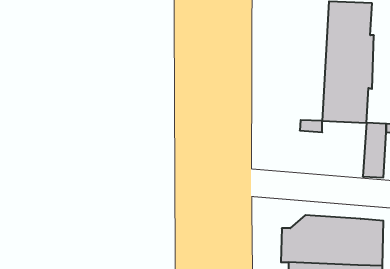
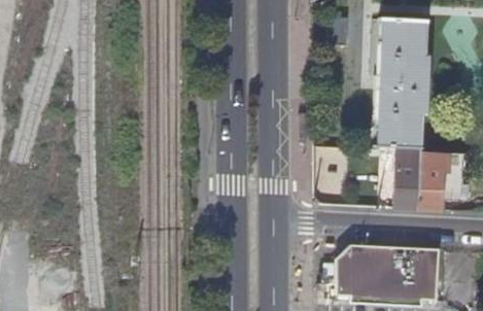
building: none -> [394,149,422,209]

